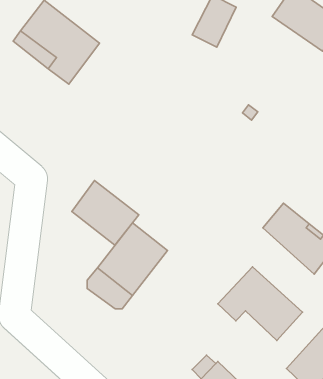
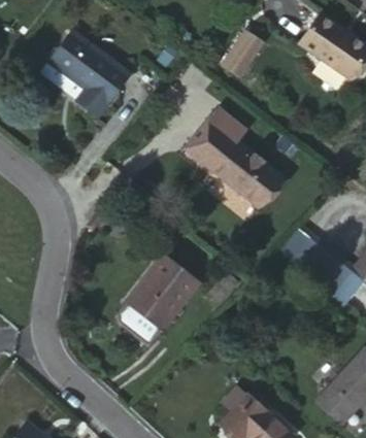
building: none -> [187,108,281,205]
building: [72,180,139,245] -> none
building: [218,267,303,341] -> none

